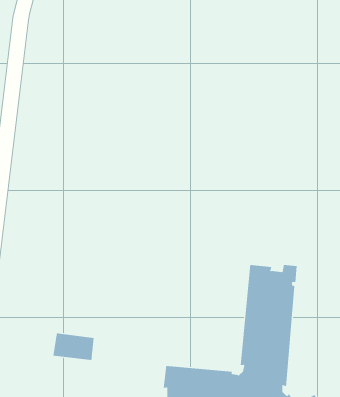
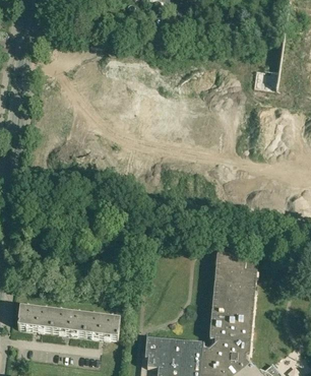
building: none -> [18,307,54,330]
building: none -> [84,315,121,338]

